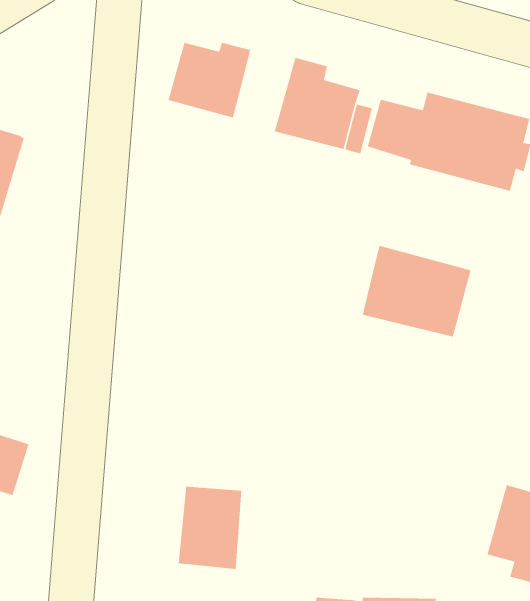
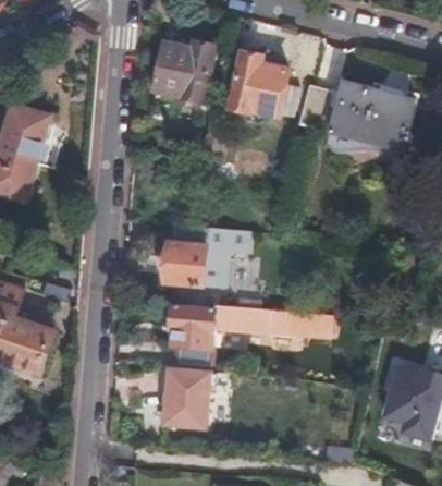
building: [362,245,472,338] -> none
building: none -> [161,224,242,287]
building: none -> [164,301,327,366]

